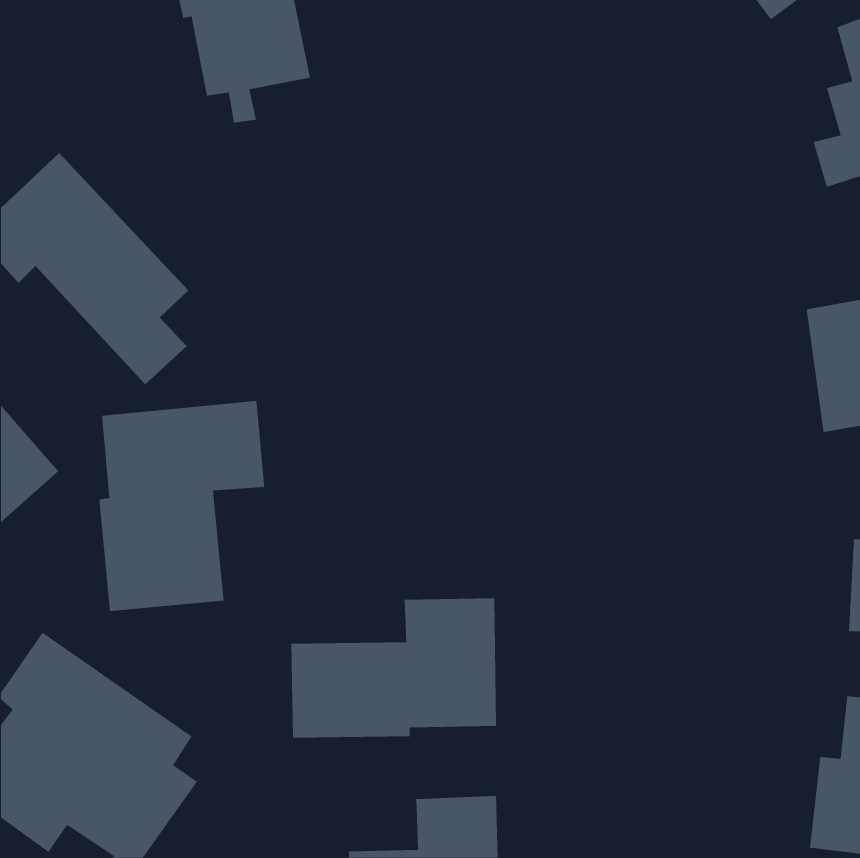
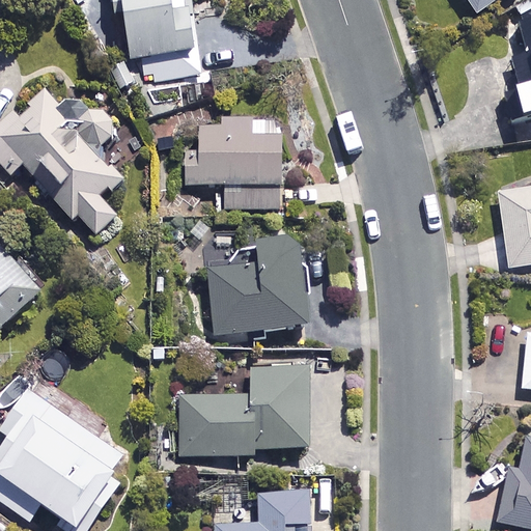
building: none -> [188,119,282,218]
building: none -> [208,235,309,333]
building: [99,400,265,612] -> none

